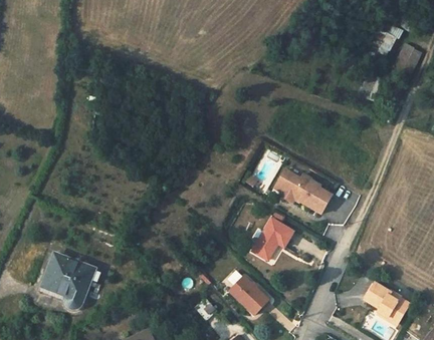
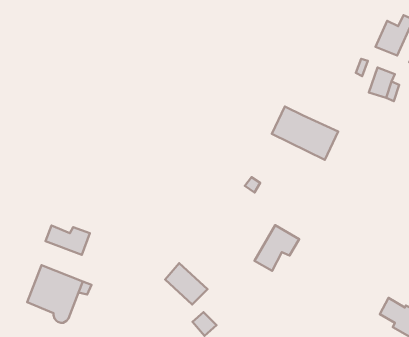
building: [269,166,331,216] -> [272,107,338,160]
building: none -> [46,226,90,255]
building: [230,275,269,313] -> [165,263,207,305]

